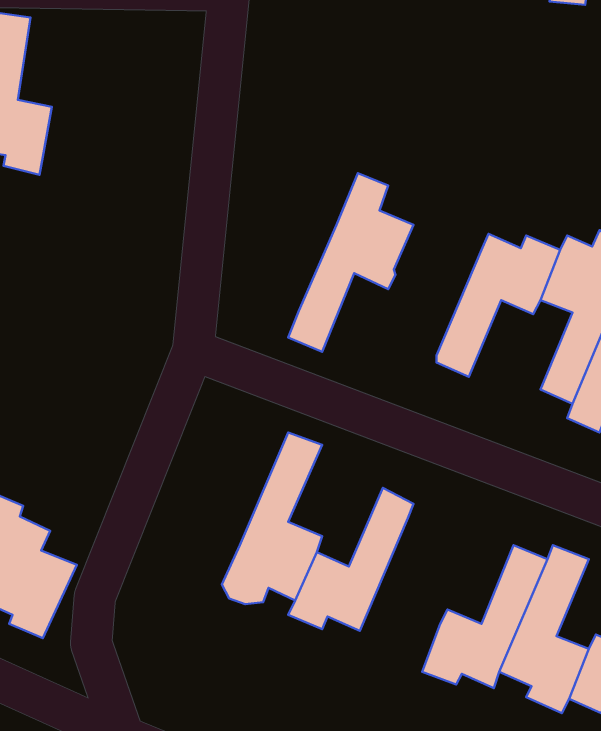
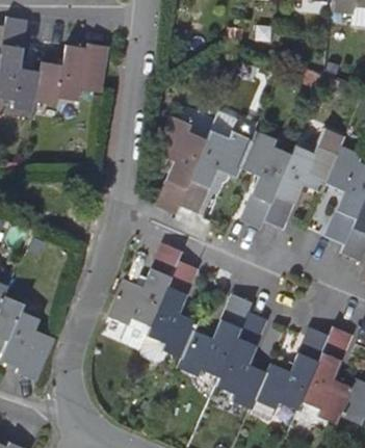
building: none -> [35,44,108,105]
building: none -> [154,116,206,214]
building: none -> [239,131,290,230]
building: none -> [108,242,182,326]
building: none -> [215,311,267,410]

